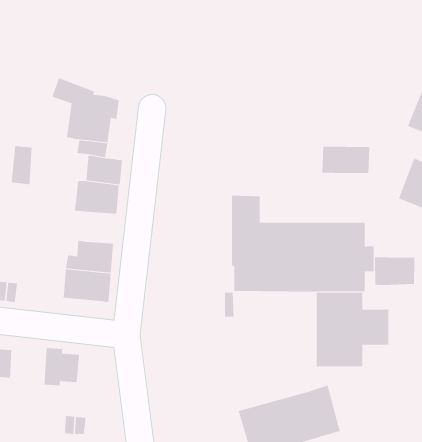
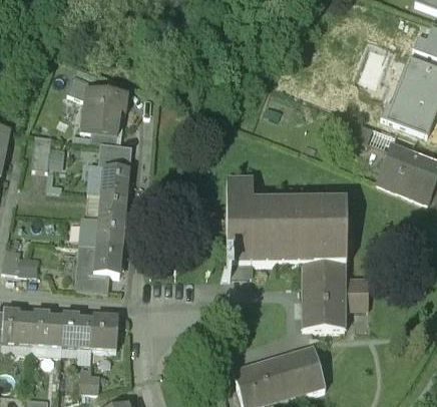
building: [322,146,370,174] -> none
building: none -> [98,191,126,220]
building: [374,257,415,286] -> none
building: none -> [76,268,109,288]
building: none -> [31,310,63,344]
building: none -> [91,314,117,348]

